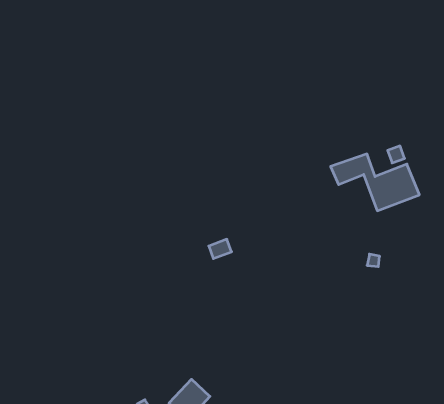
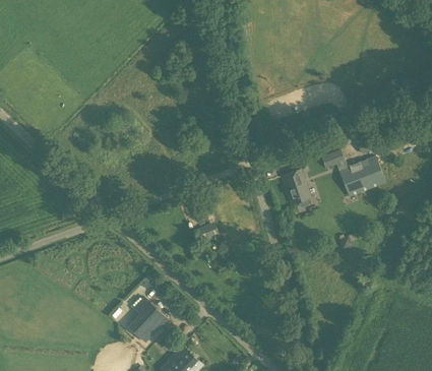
building: none -> [281,170,309,204]
building: none -> [128,302,166,341]

